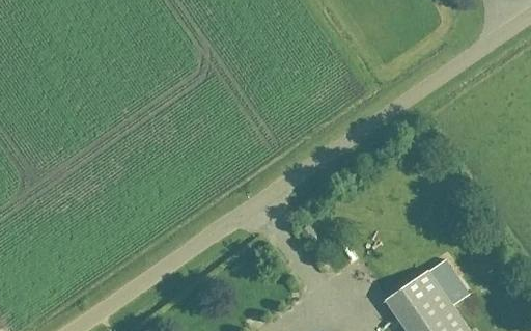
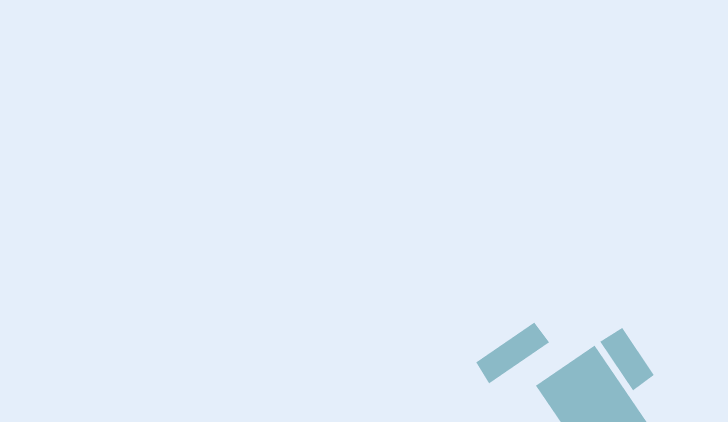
building: none -> [475,321,550,384]

